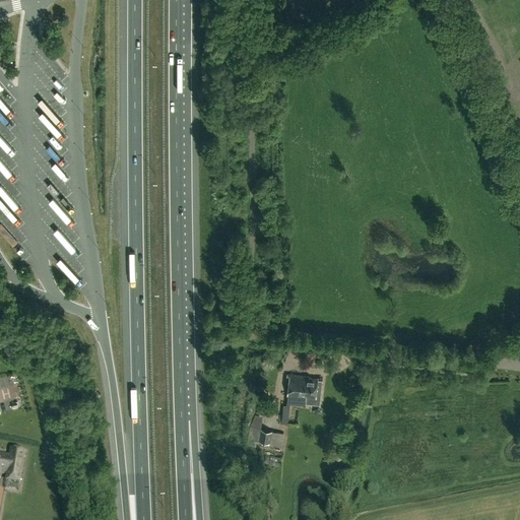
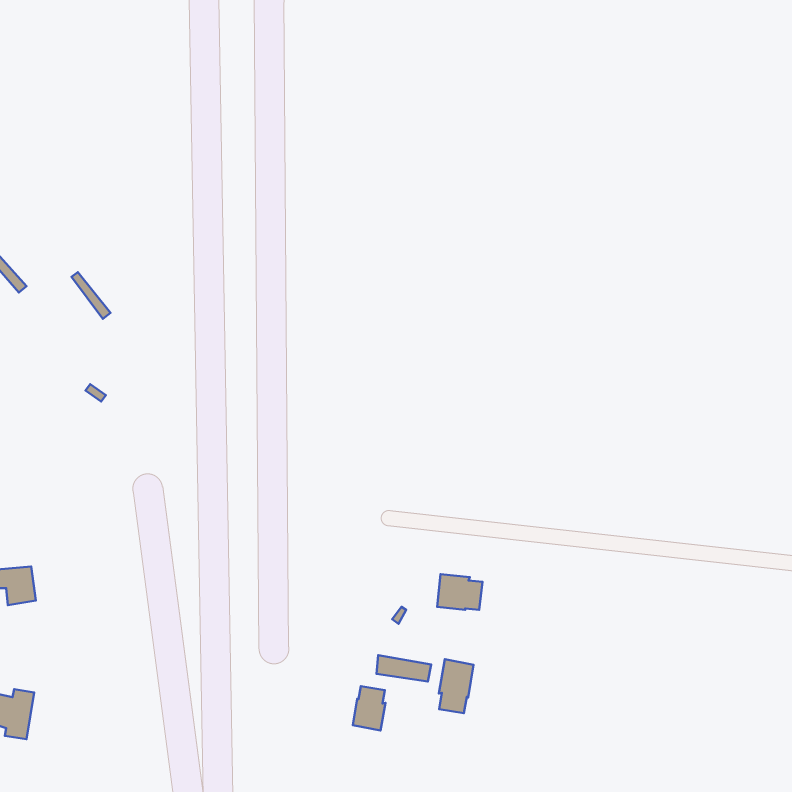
building: none -> [439,659,474,713]
building: none -> [353,686,385,731]

